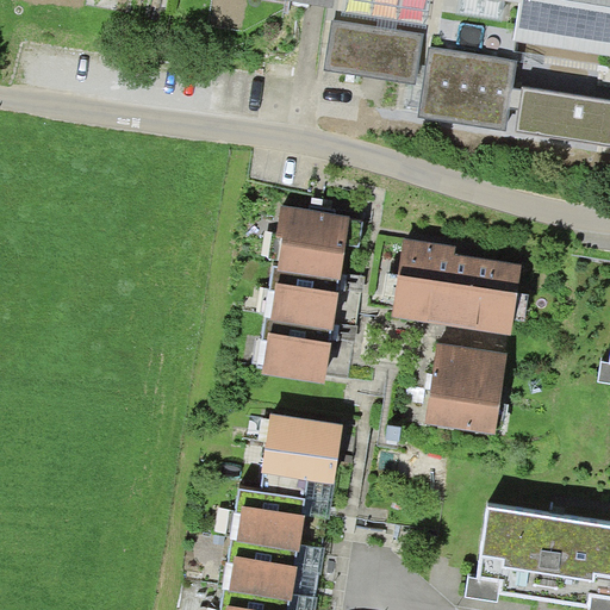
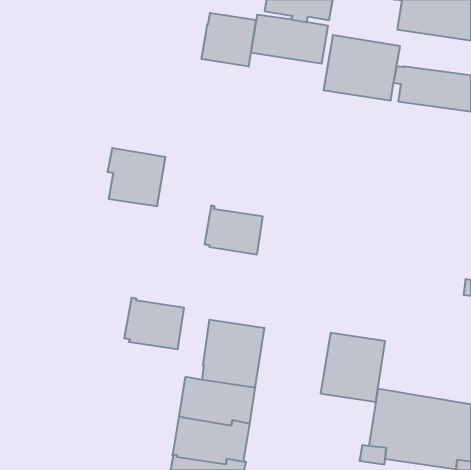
building: none -> [202,13,256,67]
building: [275,205,350,280] -> [107,148,166,206]
building: [392,237,521,334] -> none
building: [255,316,332,382] -> [124,298,184,349]
building: [424,342,508,431] -> [321,333,385,402]

